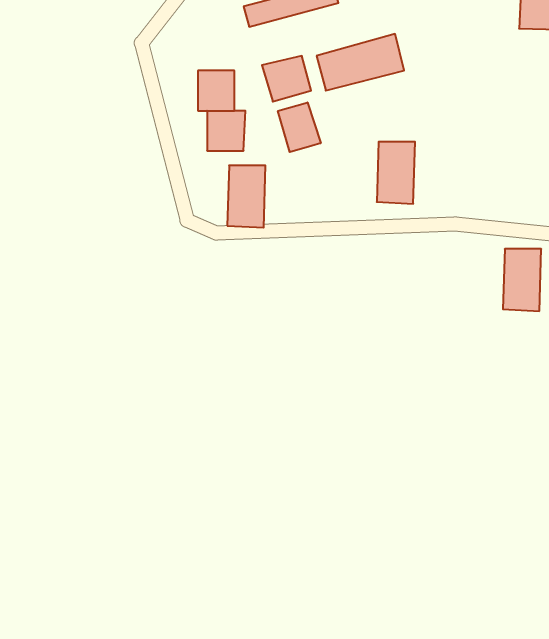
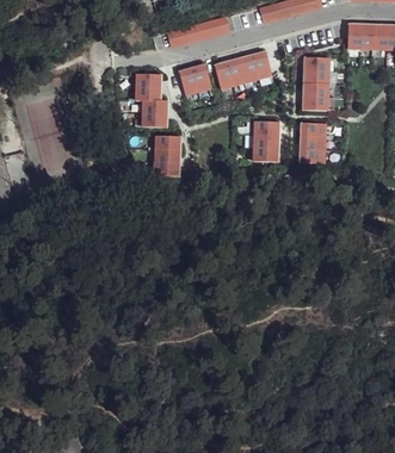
building: none -> [302,57,327,110]
building: [278,102,321,152] -> none
building: [503,249,541,311] -> [300,123,325,163]

